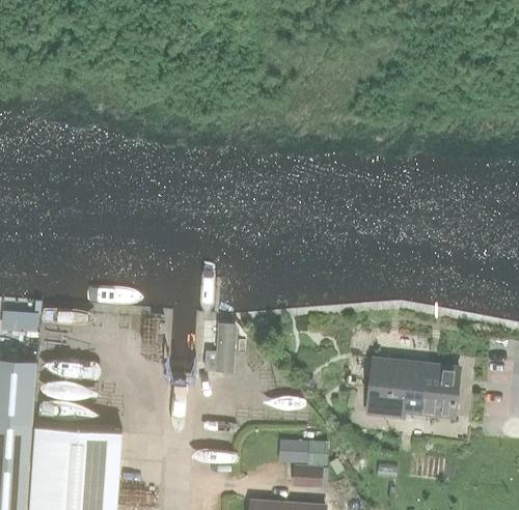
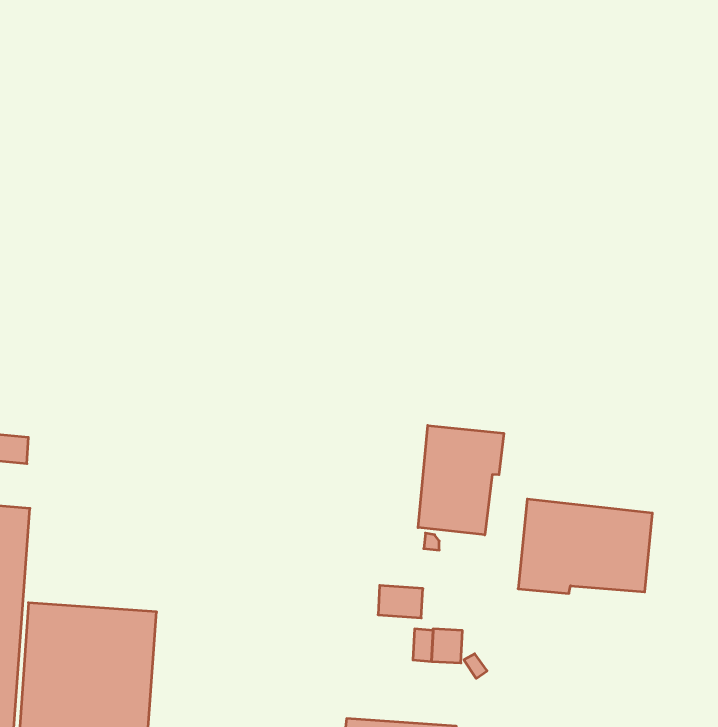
building: none -> [418,425,504,535]
building: [292,465,322,487] -> [378,585,423,618]

